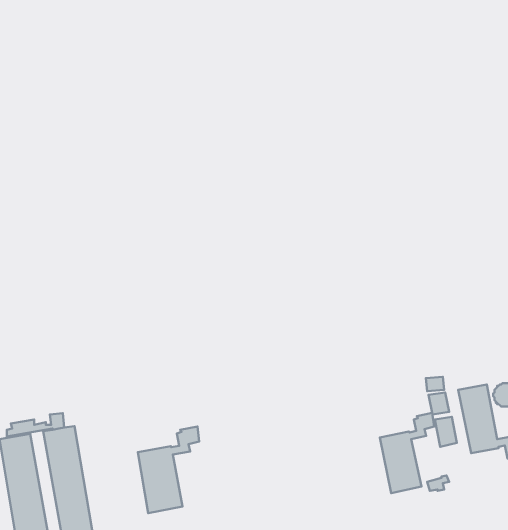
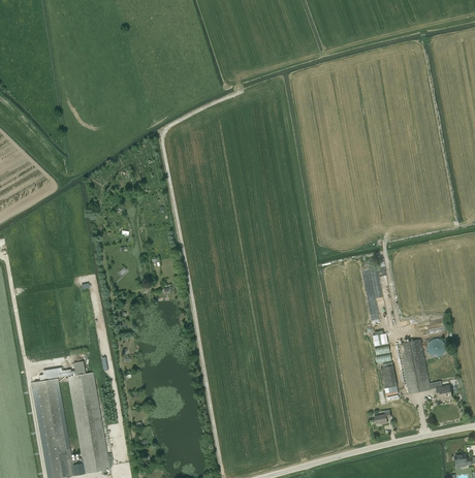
building: [380,413,434,493] -> none
building: [138,426,199,513] -> none

